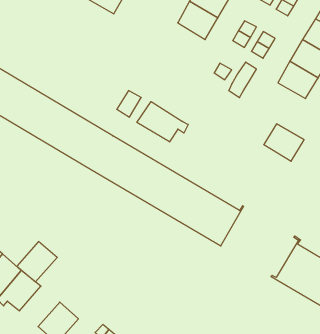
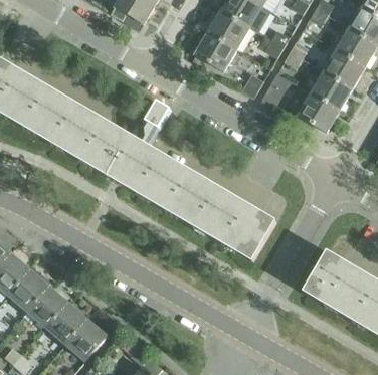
building: none -> [196,31,237,69]
building: [137,102,188,142] -> none
building: [264,124,304,161] -> [299,92,340,131]
building: [17,242,57,282] -> [47,301,88,342]

